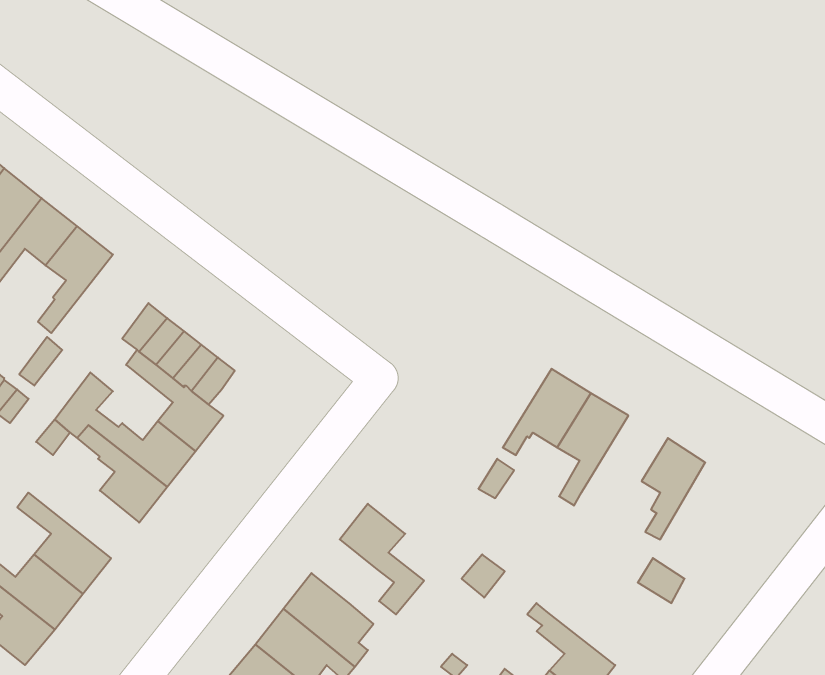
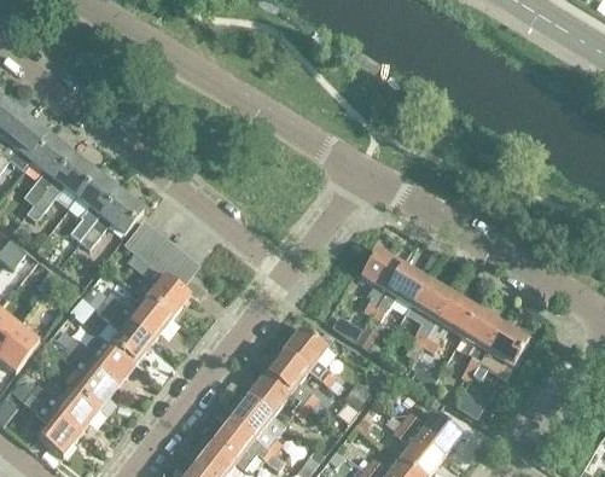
building: none -> [80,188,144,248]
building: none -> [360,248,402,313]
building: none -> [421,292,477,349]
building: none -> [472,322,528,377]
building: none -> [284,326,336,384]
building: none -> [65,331,136,384]
building: none -> [248,372,290,413]
building: none -> [400,408,463,453]

